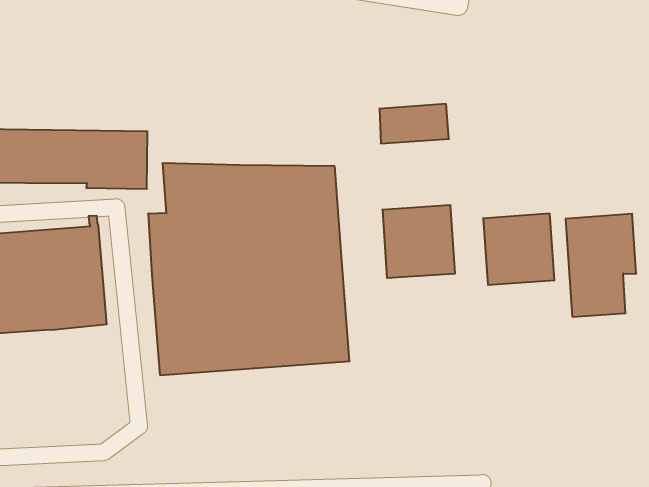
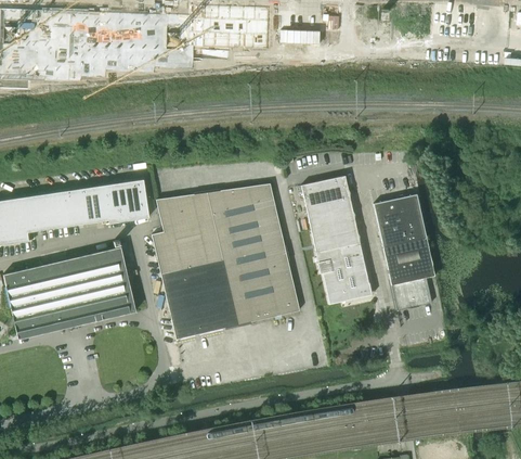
building: [379,104,449,143] -> [301,175,350,207]
building: [566,214,636,317] -> [382,237,434,310]
building: none -> [315,242,370,303]

